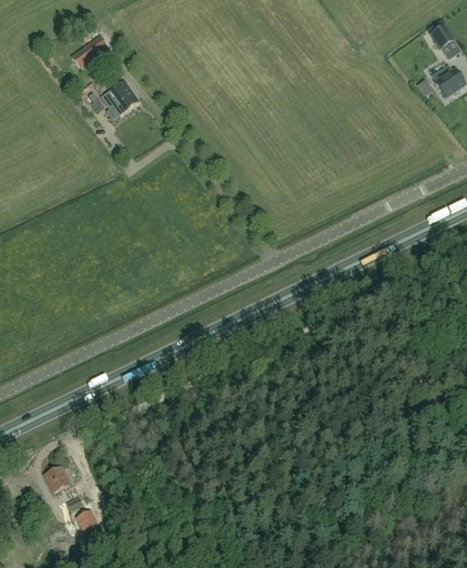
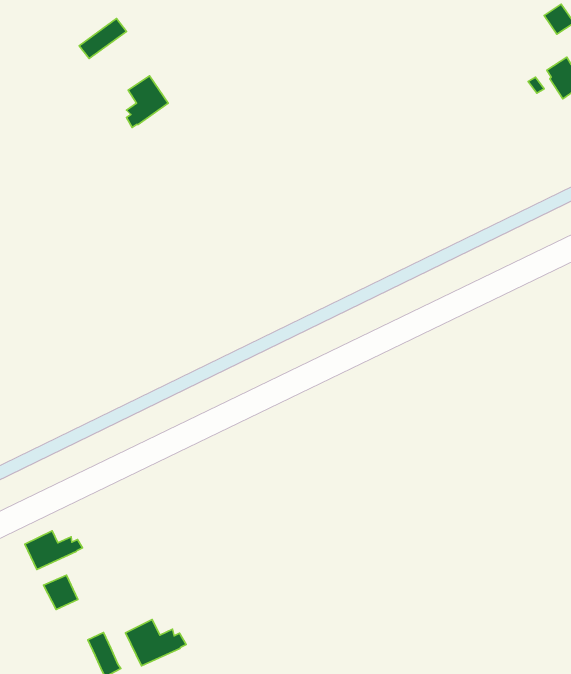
building: none -> [25,531,83,570]
building: none -> [126,620,186,666]

